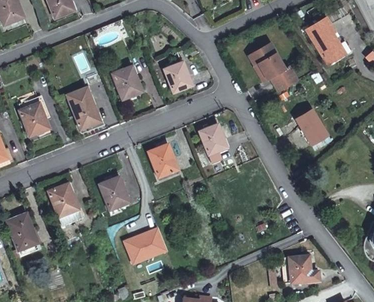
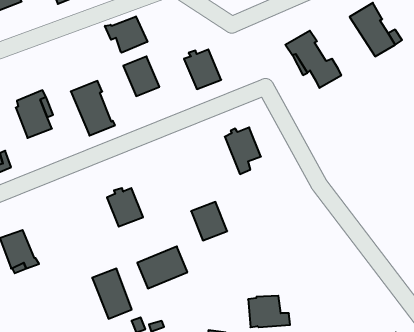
building: none -> [105,16,147,53]
building: [296,108,327,144] -> none
building: [147,144,178,177] -> [191,202,227,240]
building: [46,183,80,226] -> [92,269,132,319]
building: [282,255,318,282] -> [248,296,290,327]

